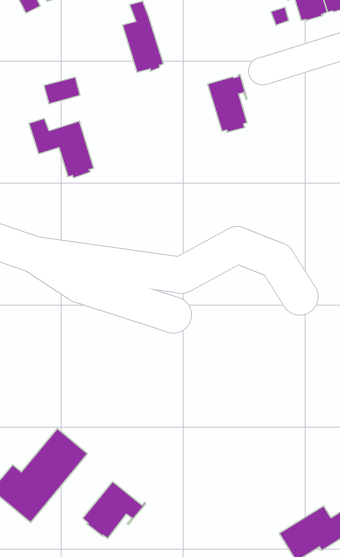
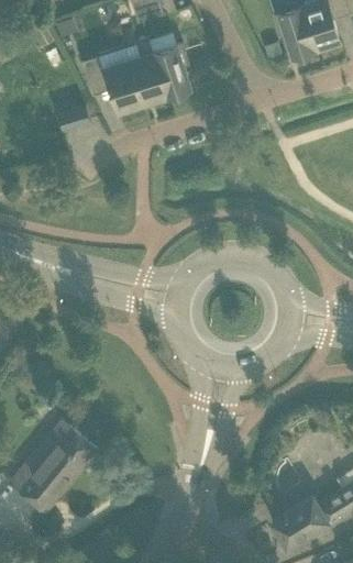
building: [207,74,247,132] -> [153,42,189,95]
building: [29,119,94,178] -> [82,56,142,110]
building: [83,482,146,538] -> none

